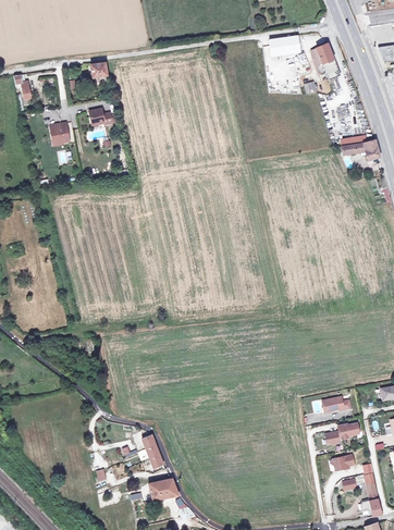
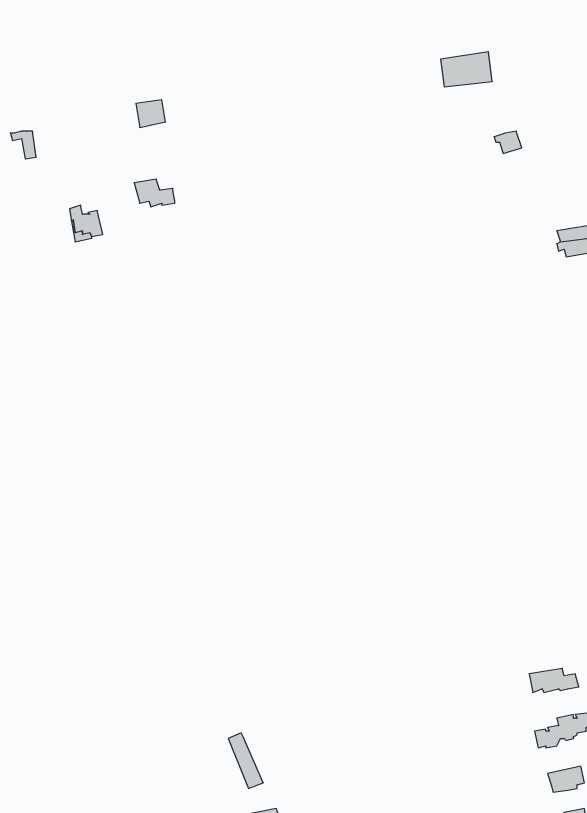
building: [310,42,337,78] -> none

